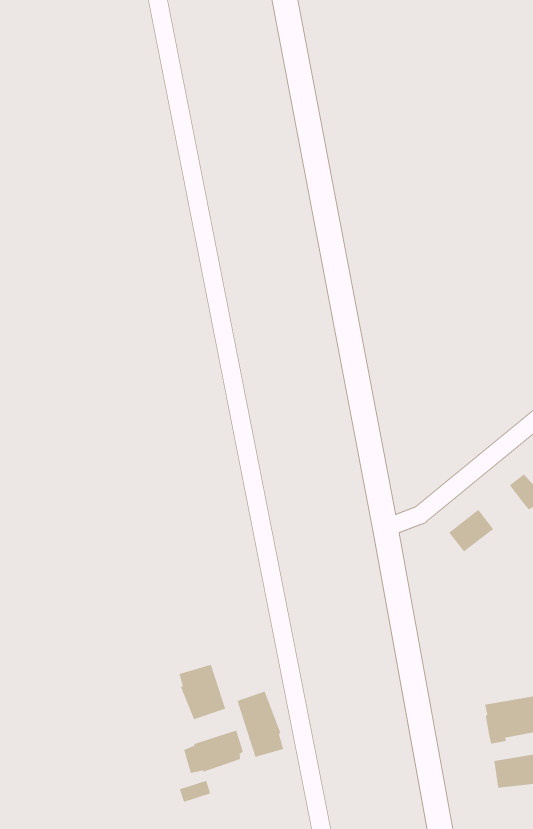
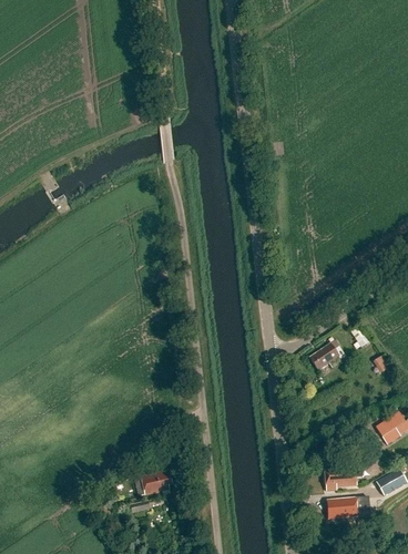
building: [178,664,226,720] -> none
building: [237,691,284,758] -> none

